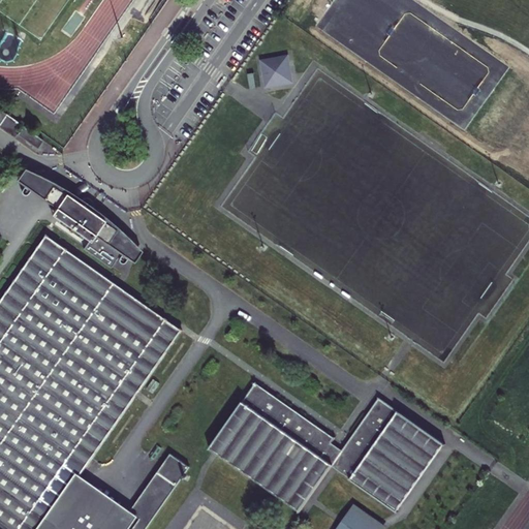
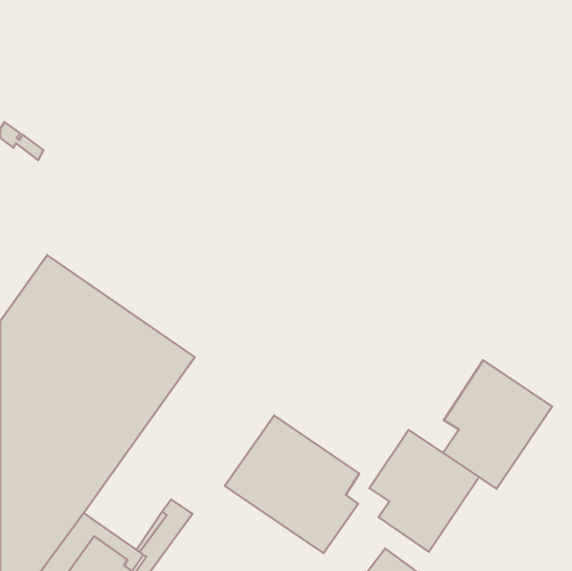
building: [261,56,293,89] -> none
building: [17,168,142,267] -> none
building: none -> [443,360,552,489]
building: [319,443,360,478] -> none

